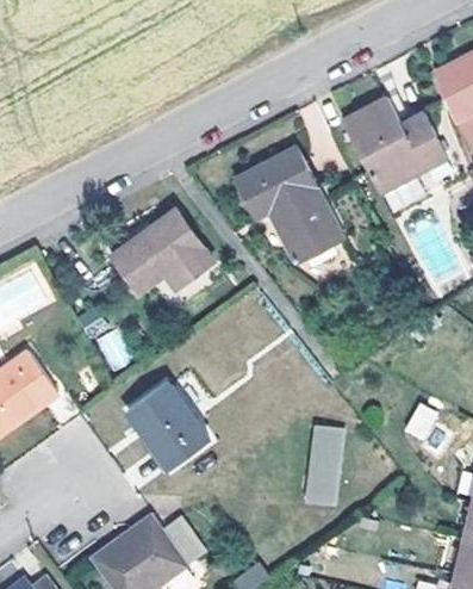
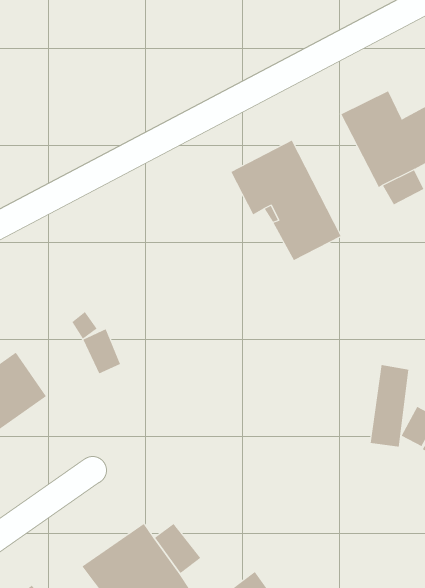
building: [112,210,214,292] -> none
building: [127,380,210,469] -> none
building: [305,424,343,504] -> [370,364,409,447]

